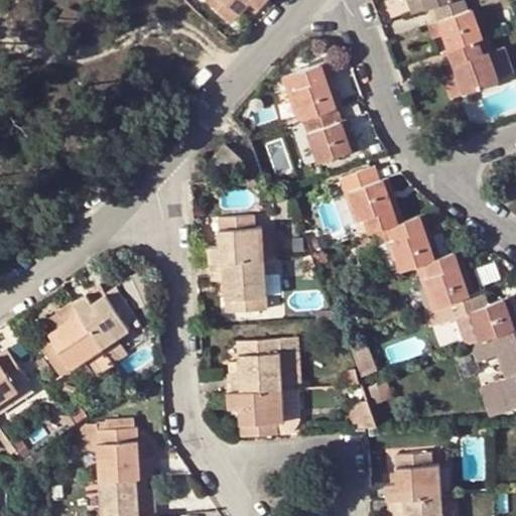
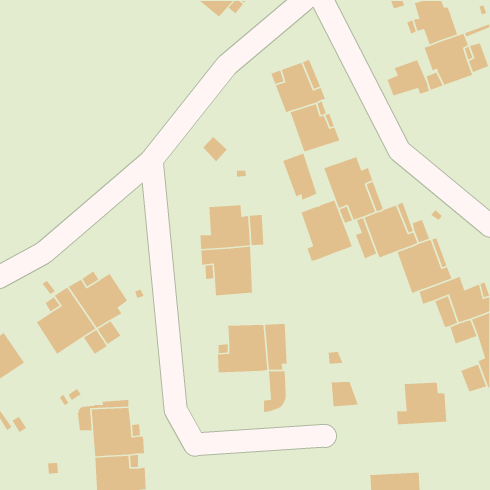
building: none -> [386,59,430,97]
building: none -> [282,152,317,201]
building: none -> [300,199,353,262]
building: [228,390,282,435] -> none
building: [385,454,438,499] -> [396,382,447,425]

